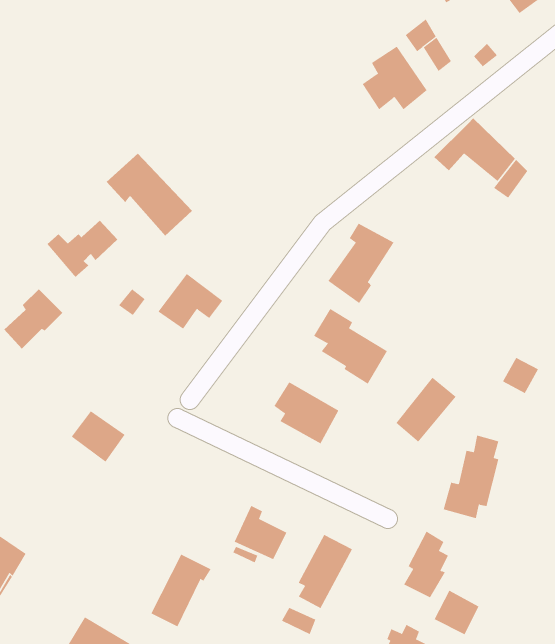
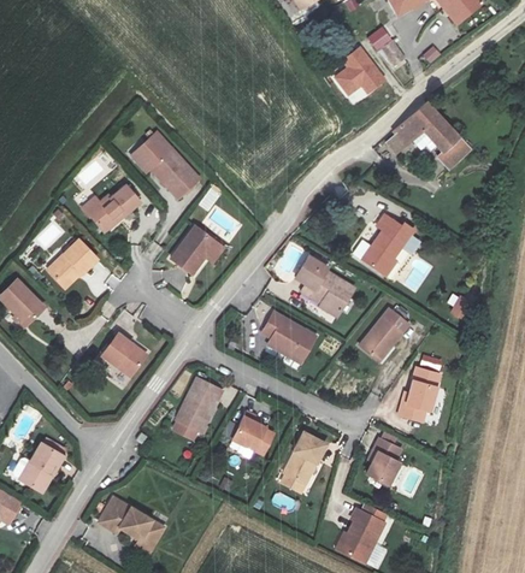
building: [328,223,395,304] -> [361,211,414,274]
building: [150,554,211,627] -> [173,382,222,439]
building: [434,590,479,635] -> none

